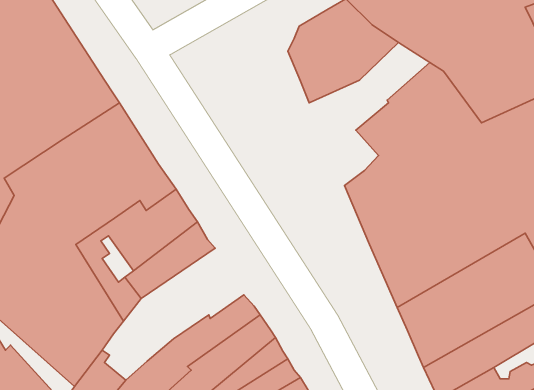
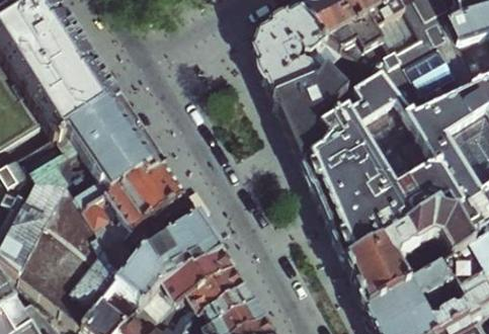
building: none -> [272,46,370,161]
building: none -> [114,212,220,303]

